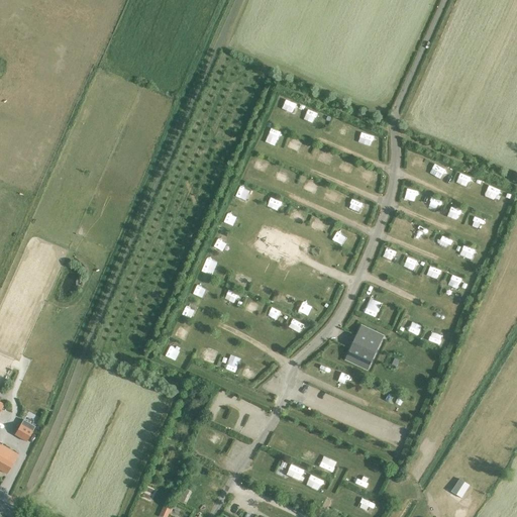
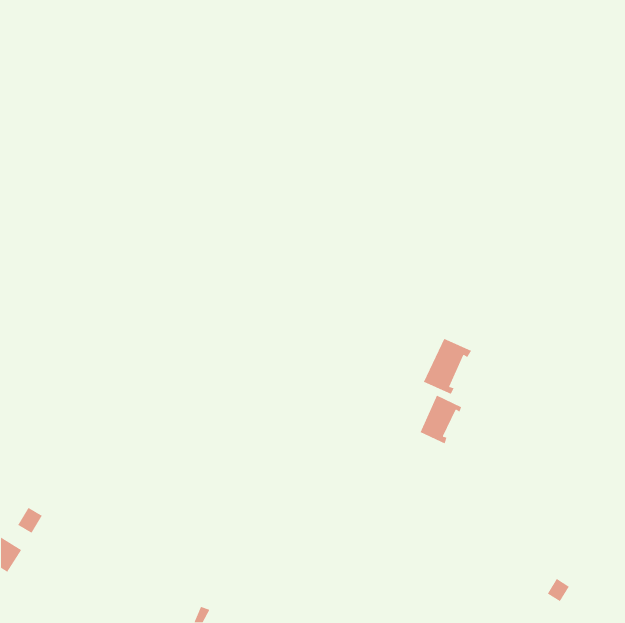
building: none -> [423,338,472,395]

